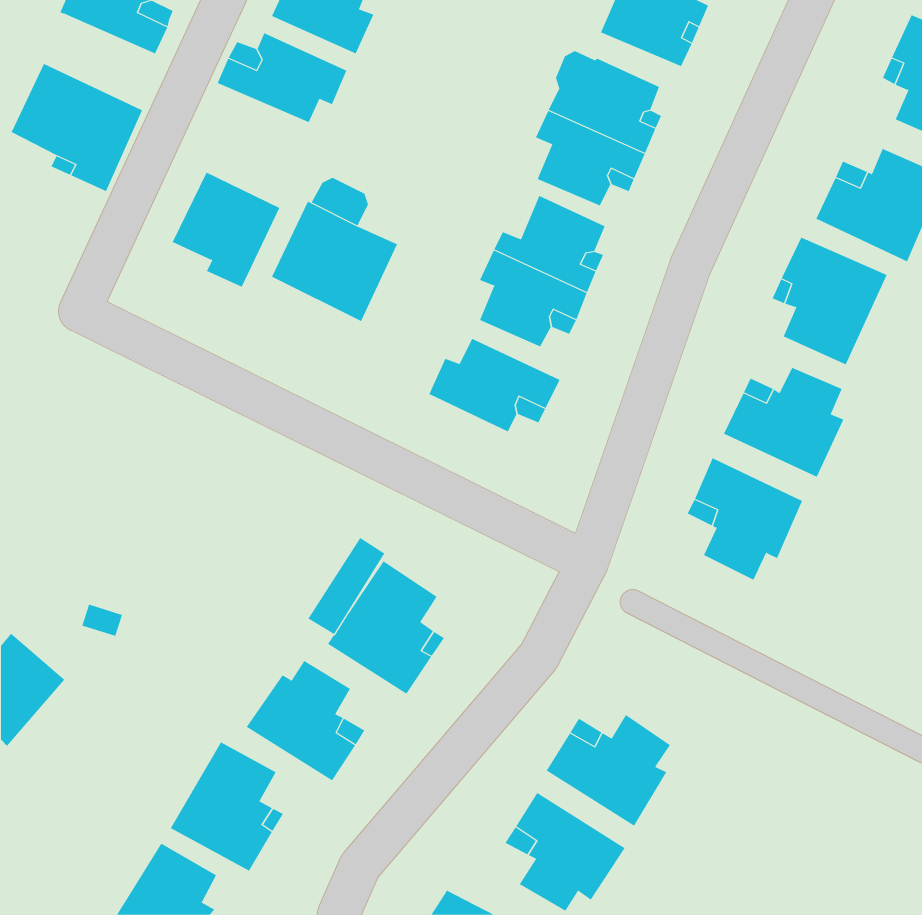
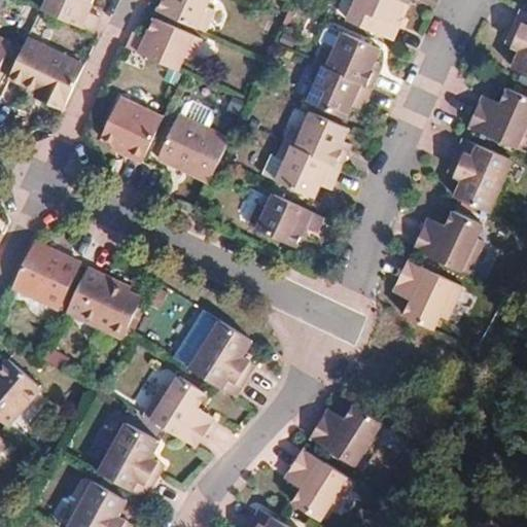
building: none -> [10,240,77,307]
building: none -> [63,265,138,337]

